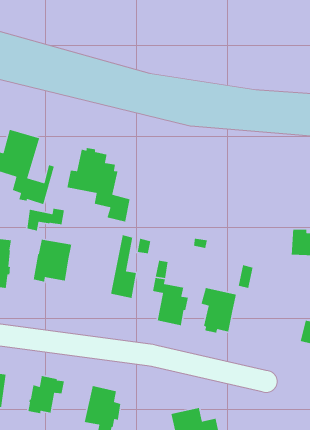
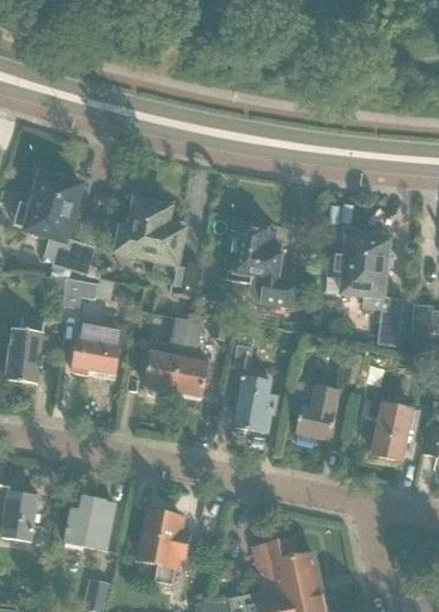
building: none -> [226,221,287,304]
building: none -> [328,235,403,344]
building: none -> [145,311,189,390]
building: none -> [362,398,414,459]

